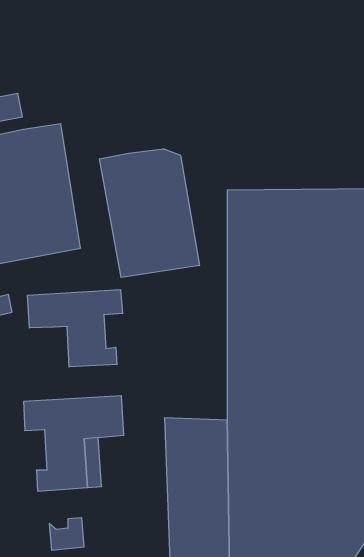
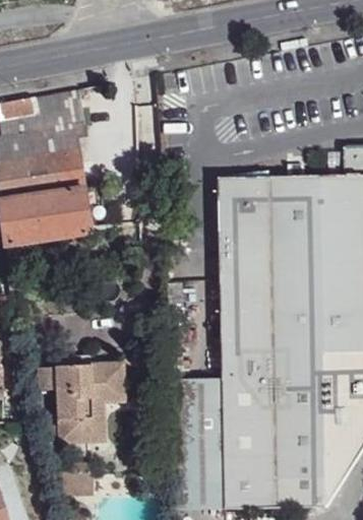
building: none -> [36,87,84,127]
building: [100,149,199,277] -> none
building: [27,290,123,367] -> none

